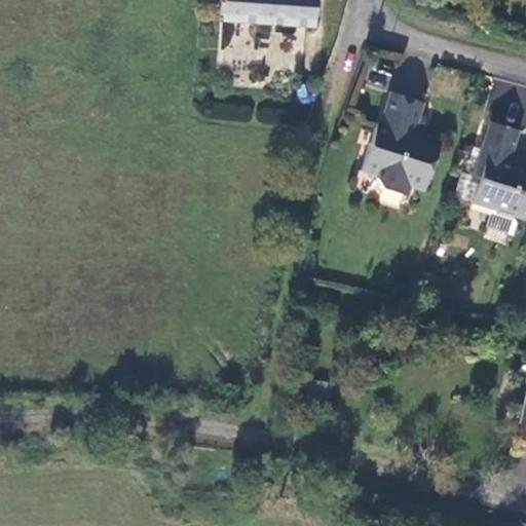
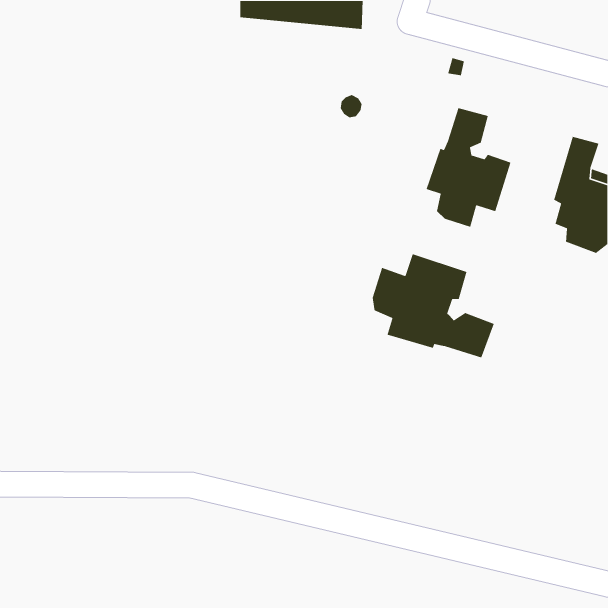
building: none -> [372,253,495,359]

